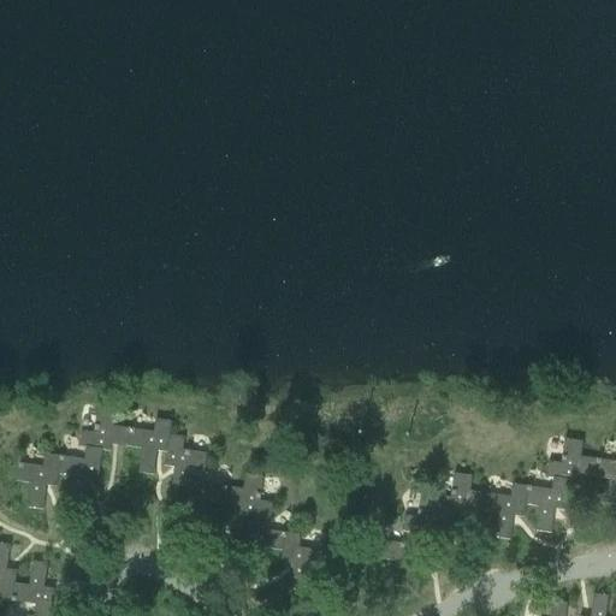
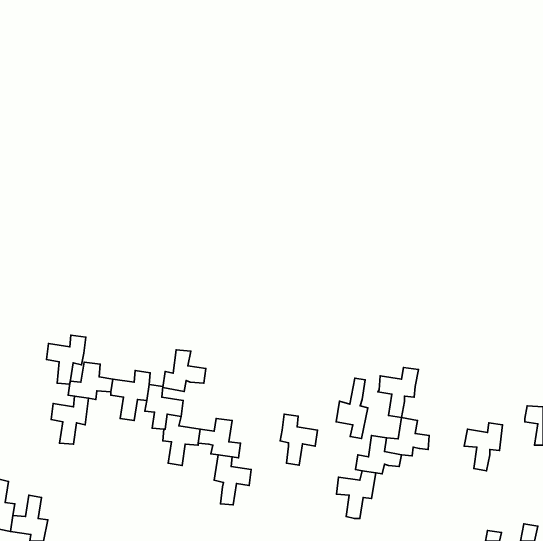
building: none -> [163,350,206,392]
building: none -> [336,378,368,439]
building: [545,438,596,481] -> none
building: [16,454,60,509] -> [46,335,86,384]
building: [482,482,528,539] -> [378,367,418,417]
building: [279,531,321,588] -> [280,414,317,465]

